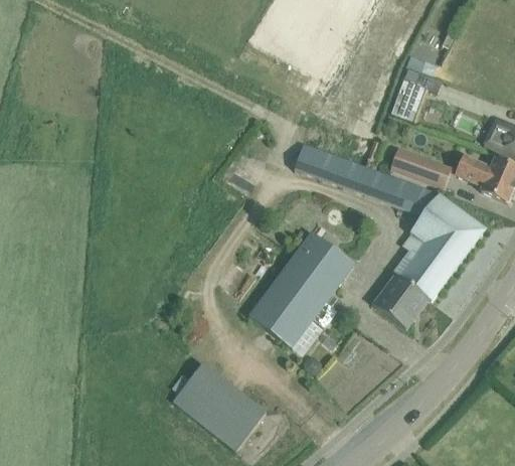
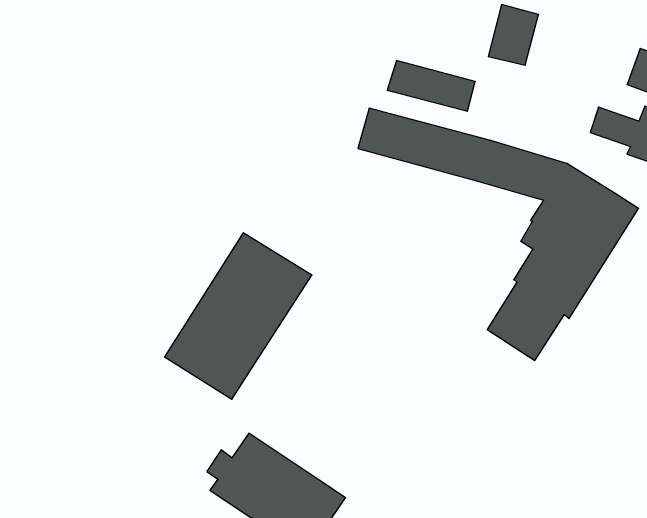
building: [390,148,452,187] -> [387,60,475,111]
building: [247,234,354,348] -> [165,233,312,399]

